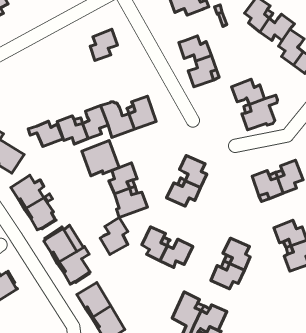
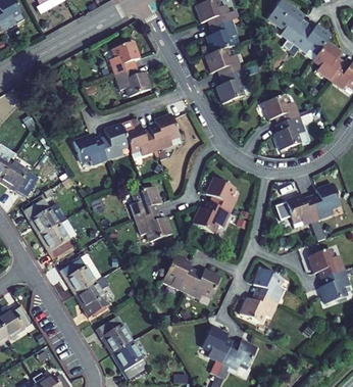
building: none -> [206,19,240,53]
building: none -> [114,68,150,96]
building: [28,121,63,146] -> none
building: [82,141,119,176] -> none
building: [100,217,128,255] -> none

